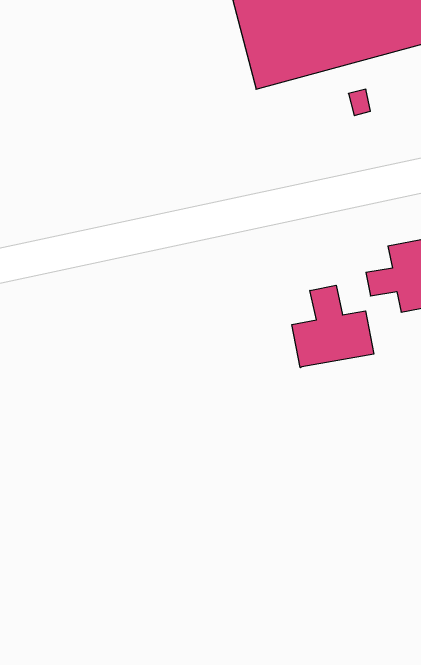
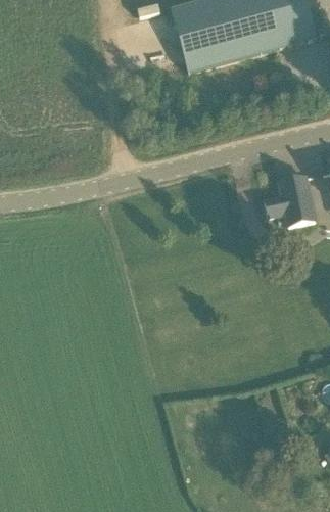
building: [292,285,374,368] -> none

